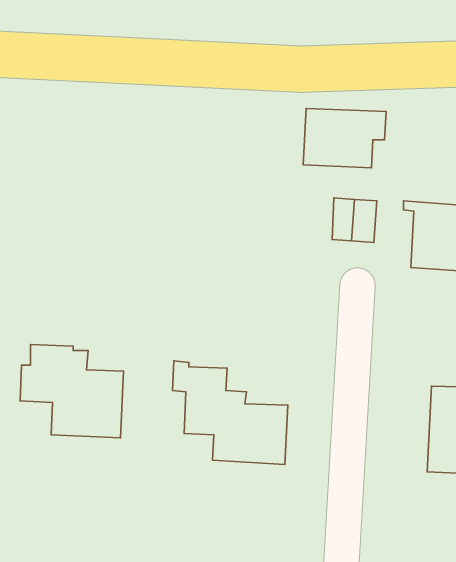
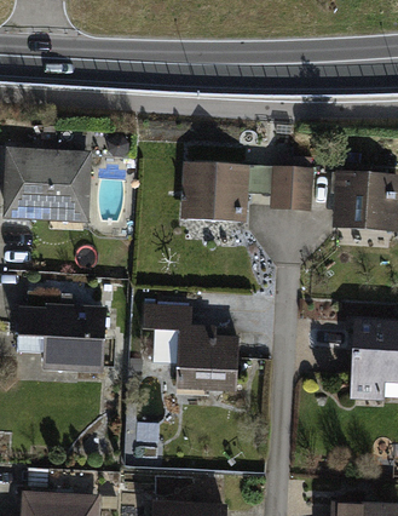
building: [303,109,386,168] -> [186,166,254,214]
building: none -> [8,153,87,218]

